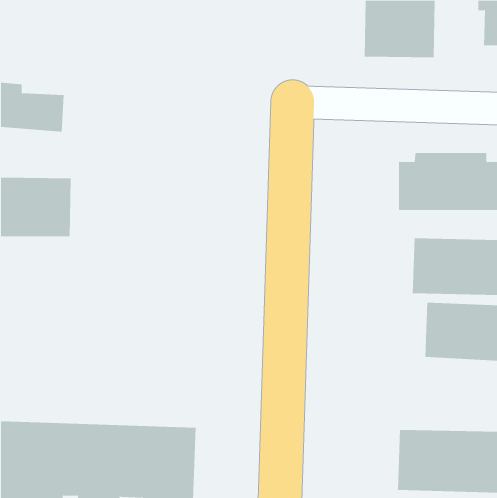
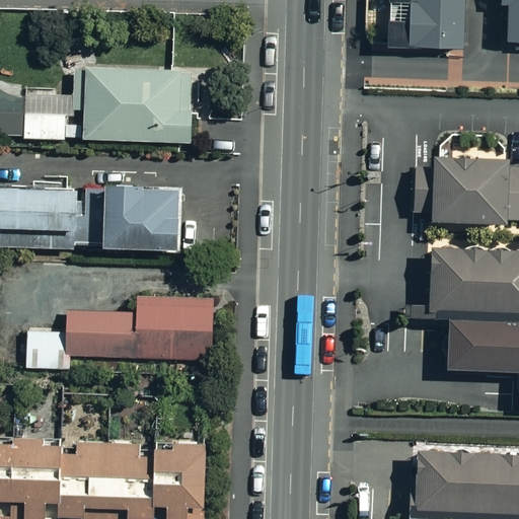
building: none -> [75,66,196,145]
building: none -> [102,187,176,248]
building: none -> [27,298,212,370]

